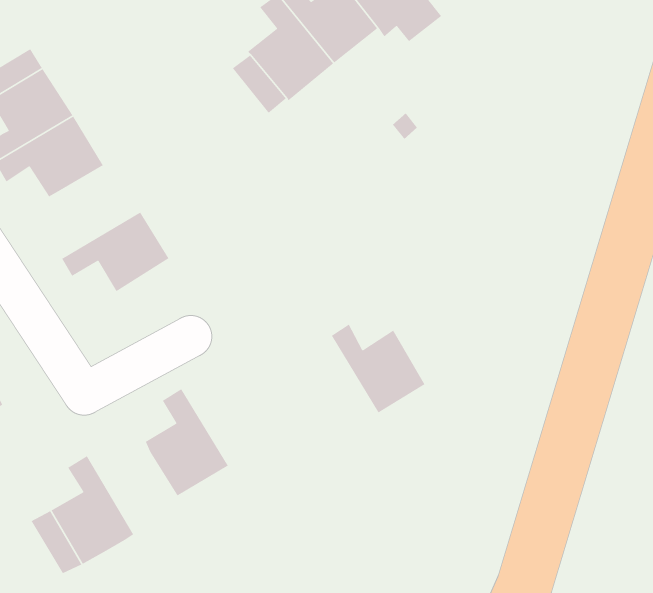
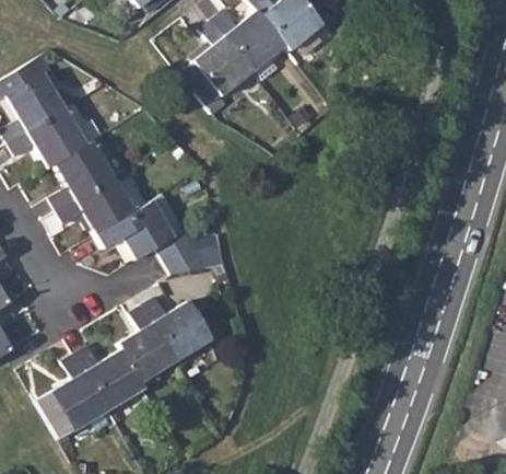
building: none -> [50,141,115,211]
building: none -> [97,195,211,274]
building: [331,323,425,413] -> [144,296,212,360]
building: none -> [77,345,144,409]

